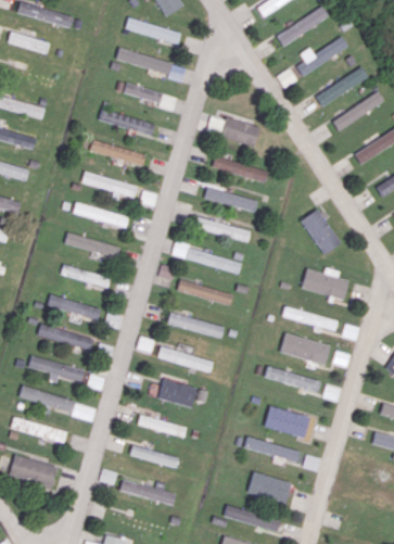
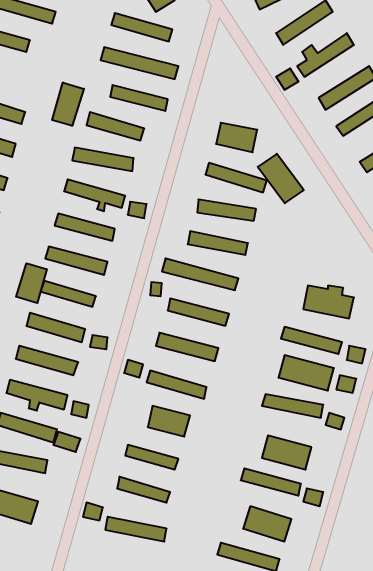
building: none -> [52,82,84,126]
building: [300,208,342,254] -> [258,154,304,203]
building: none -> [16,263,47,303]

